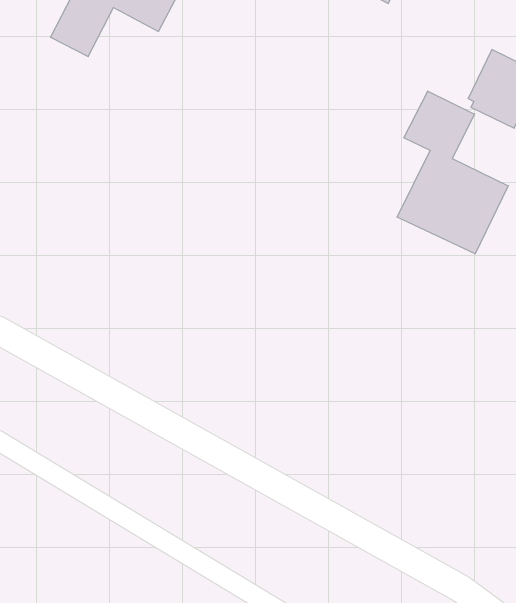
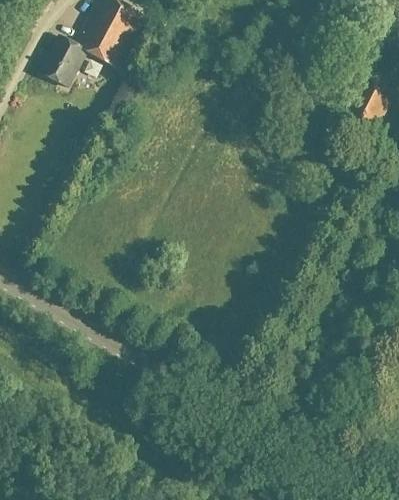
building: [397,91,508,254] -> none

